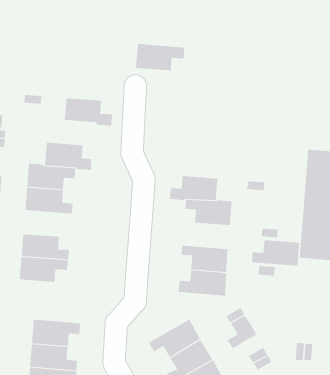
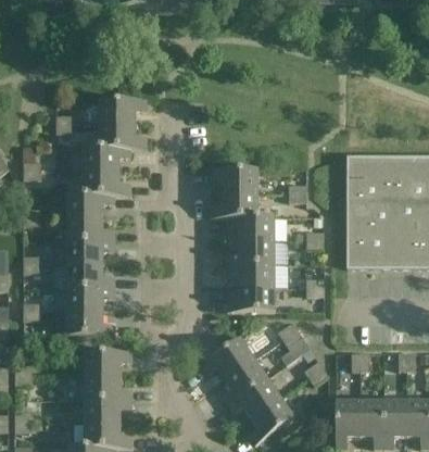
building: [135,44,185,71] -> [98,98,147,123]
building: none -> [81,146,130,170]
building: none -> [211,167,258,192]
building: none -> [65,240,114,264]
building: [251,240,300,266] -> [227,239,275,263]
building: none -> [65,311,114,336]

